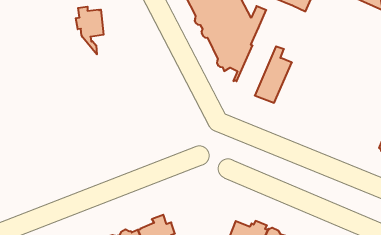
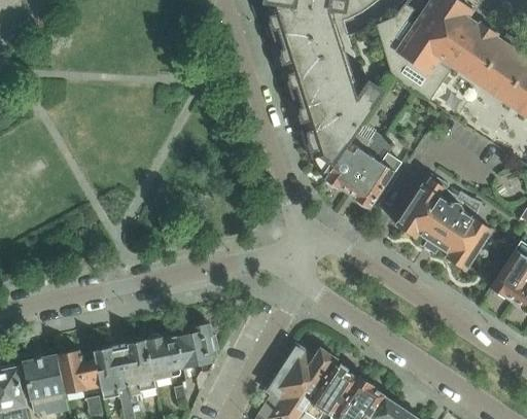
building: [76,7,104,54] -> none
building: none -> [325,132,385,194]
building: none -> [396,177,492,270]

